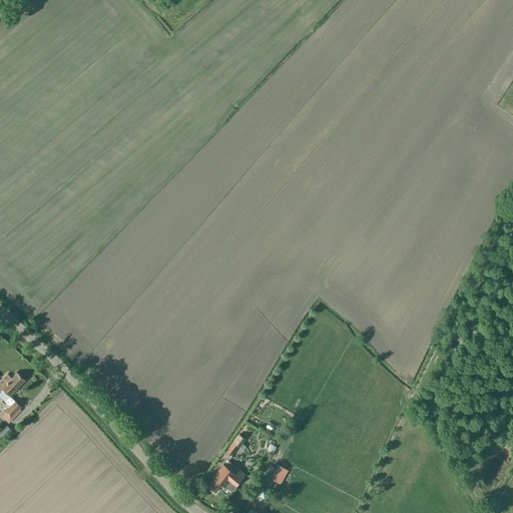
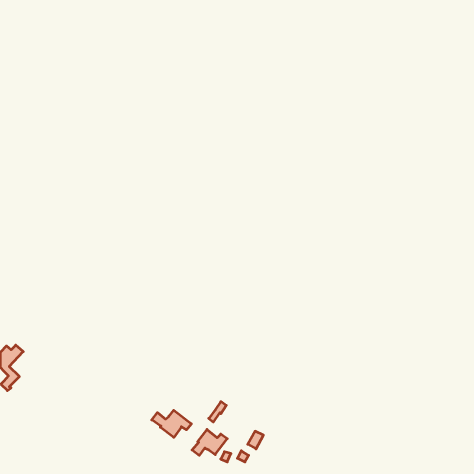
building: none -> [152,410,191,437]

